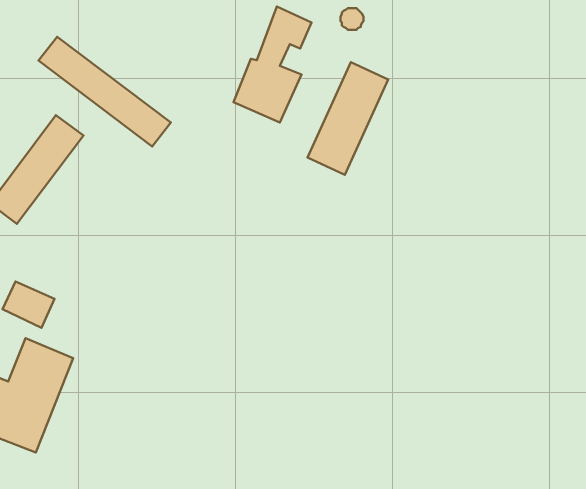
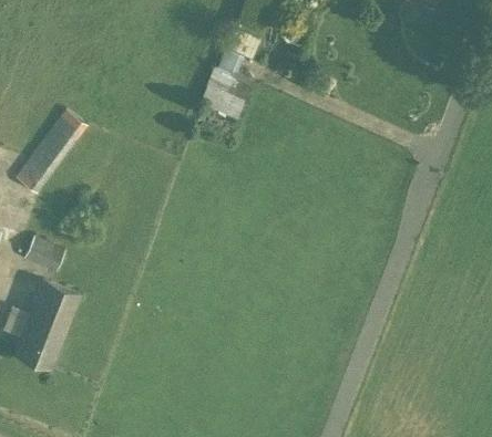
building: [39,37,171,146] -> none
building: [308,62,388,175] -> none

